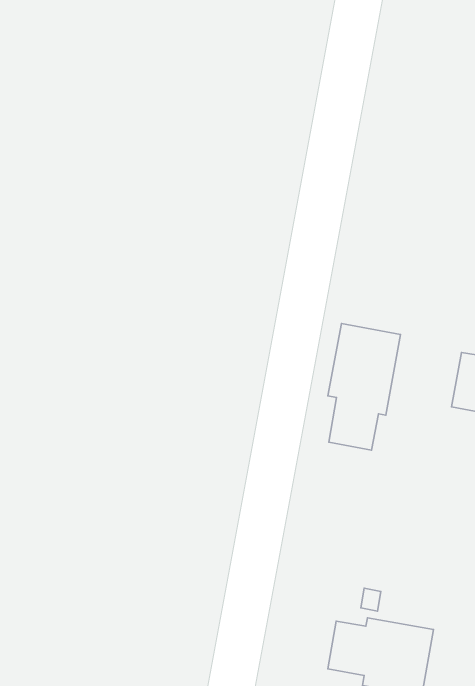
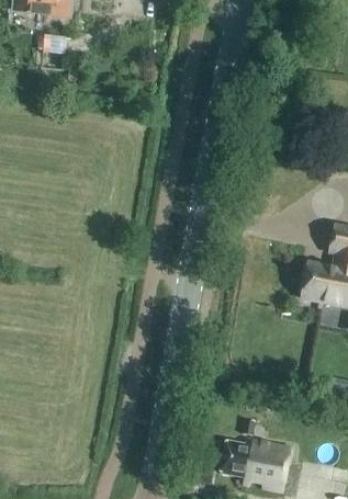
building: [328,324,401,450] -> none

